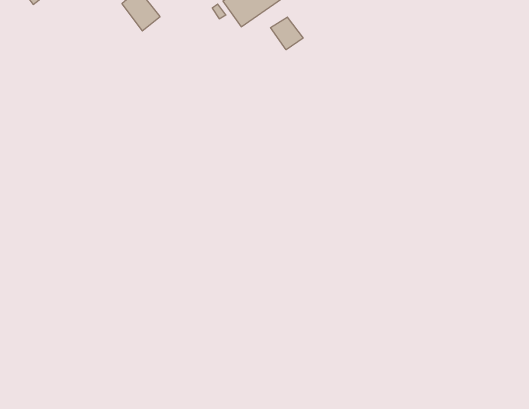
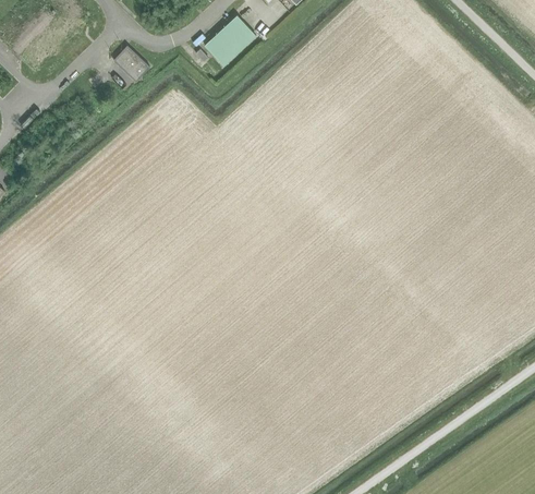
building: [271,17,303,50] -> none

